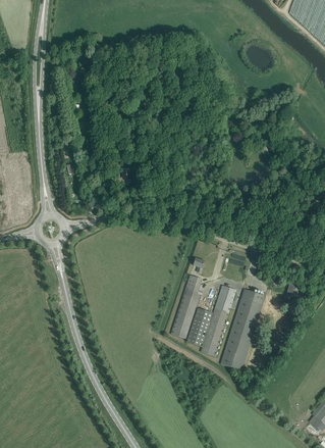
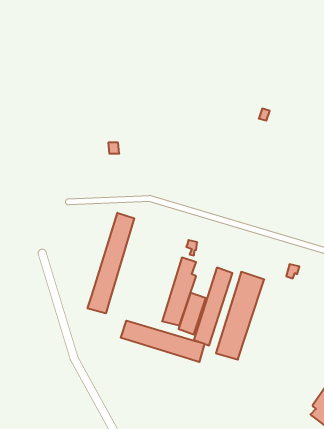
building: none -> [88,213,134,313]
building: none -> [121,321,204,362]

